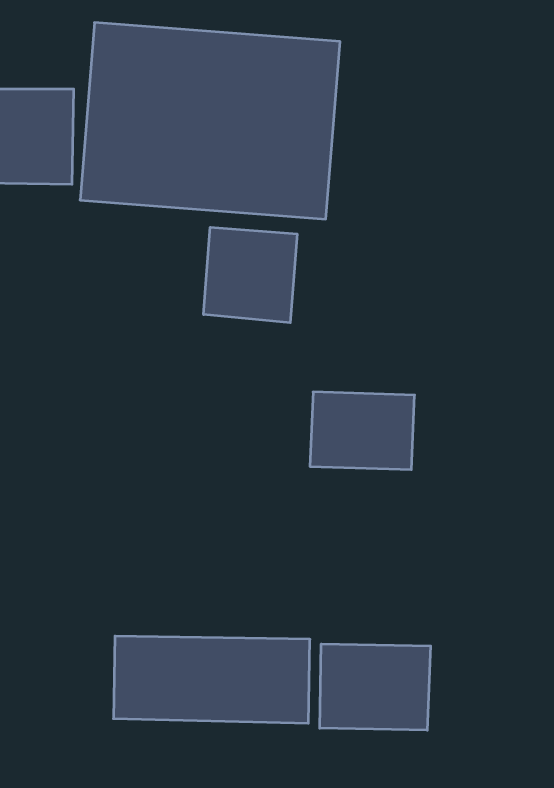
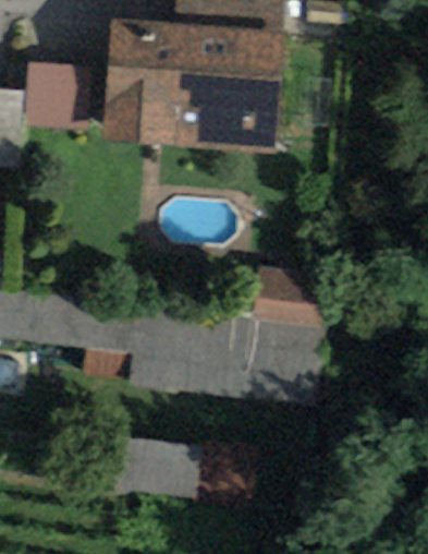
building: [204,227,297,323] -> none
building: [320,644,431,730] -> none

